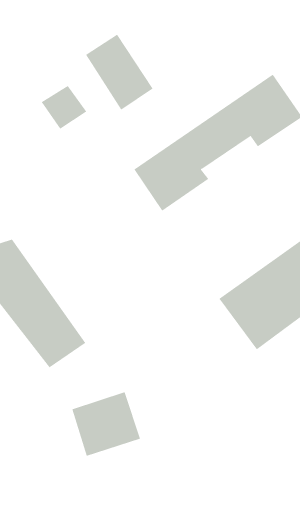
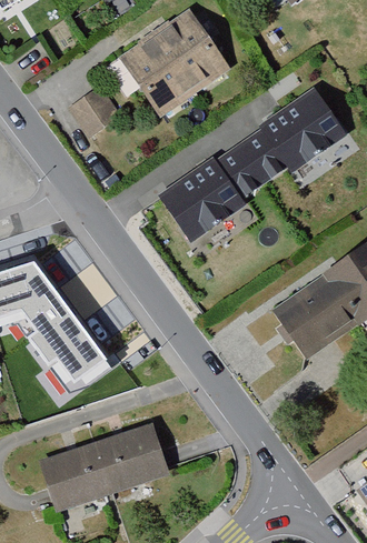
building: none -> [149,18,224,99]
building: none -> [43,438,116,506]

